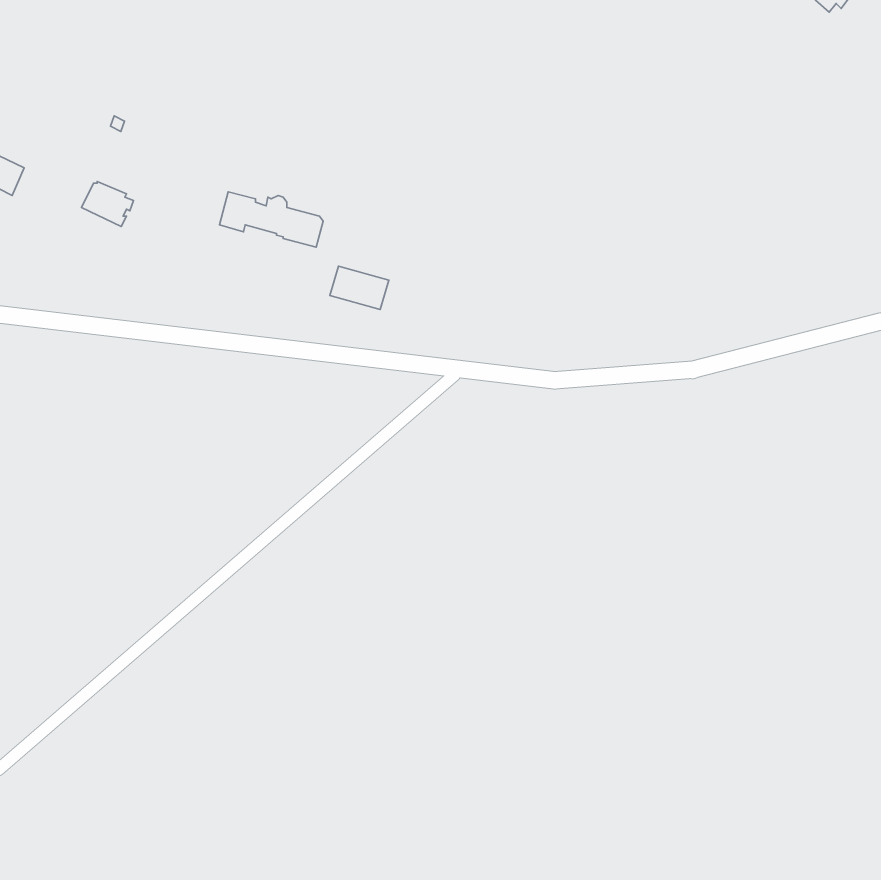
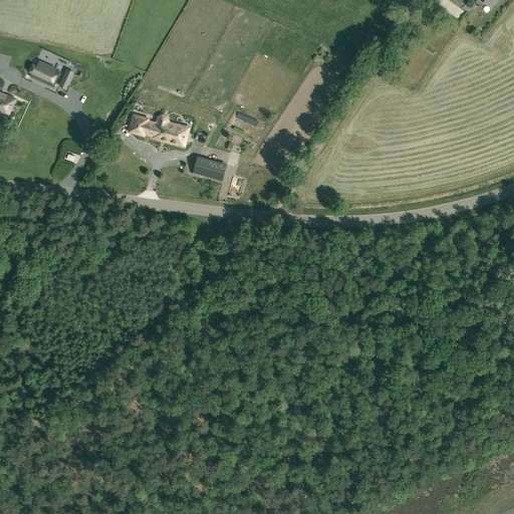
building: [82,182,133,227] -> [29,59,59,85]

